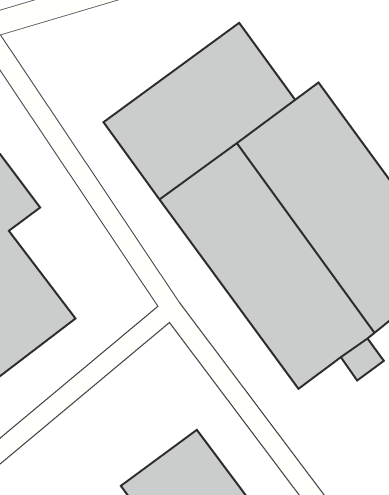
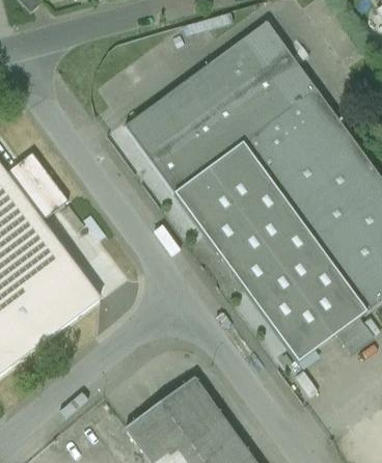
building: none -> [246,21,317,105]
building: none -> [127,378,209,447]

